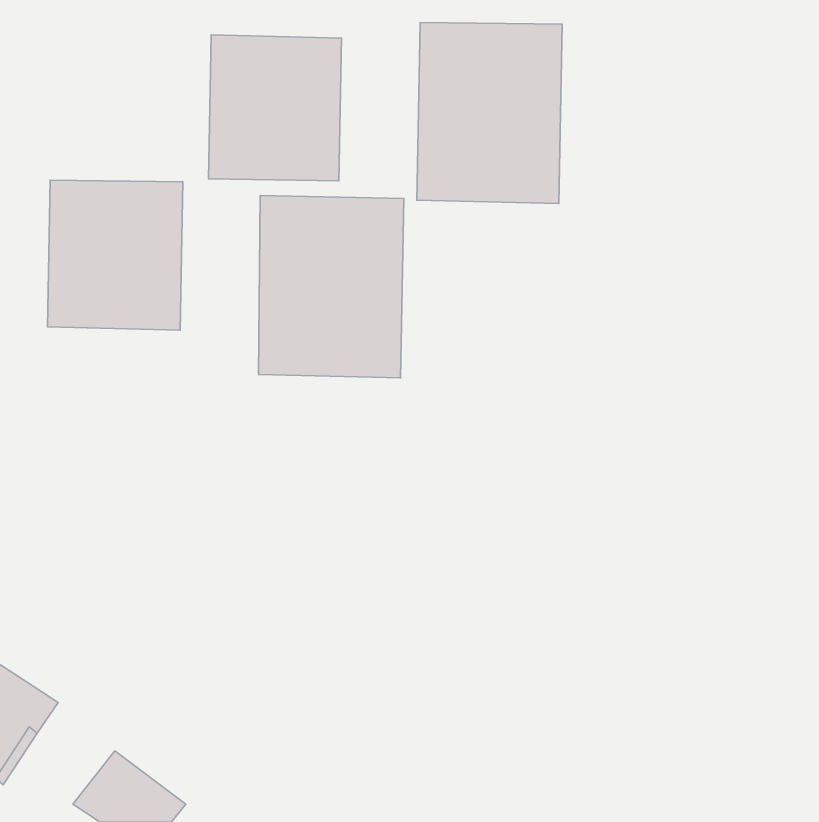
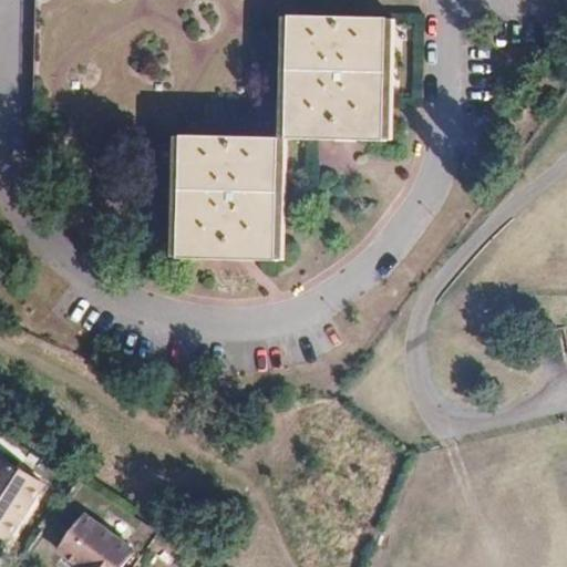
building: [208,35,341,181] -> none
building: [47,180,183,330] -> none

